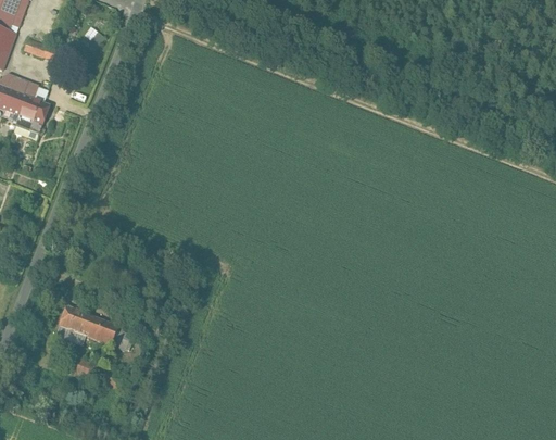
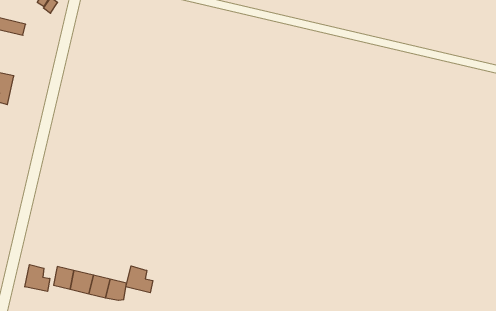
building: none -> [25,265,50,291]
building: none -> [126,266,153,293]

